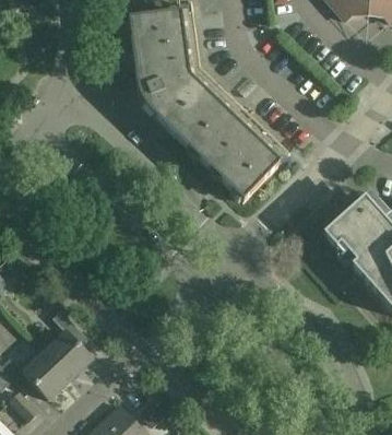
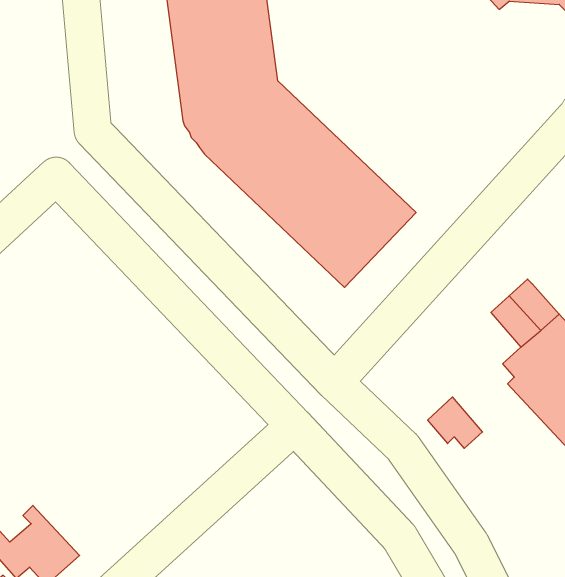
building: [323,219,359,252] -> [428,397,483,448]
building: [39,308,92,378] -> none

